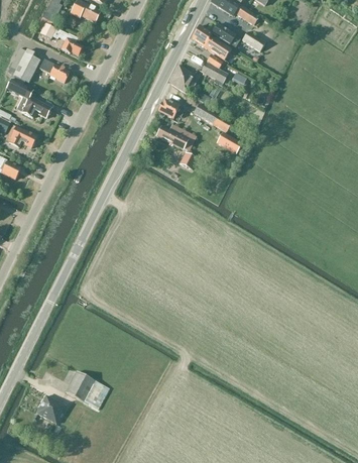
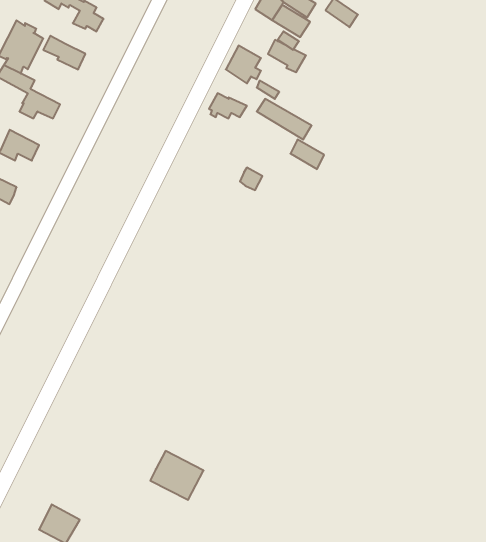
building: [156,125,196,151] -> none
building: [66,371,104,407] -> [150,451,204,500]

